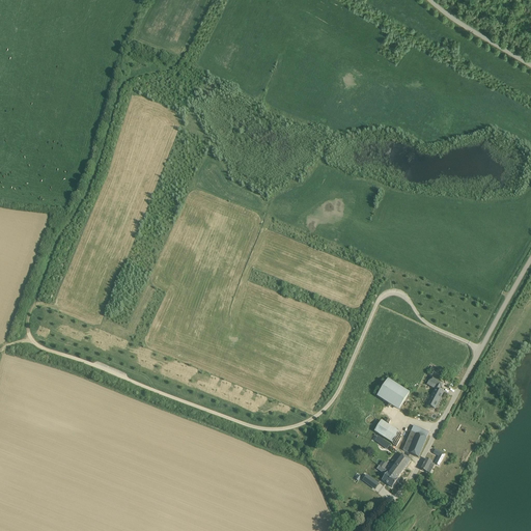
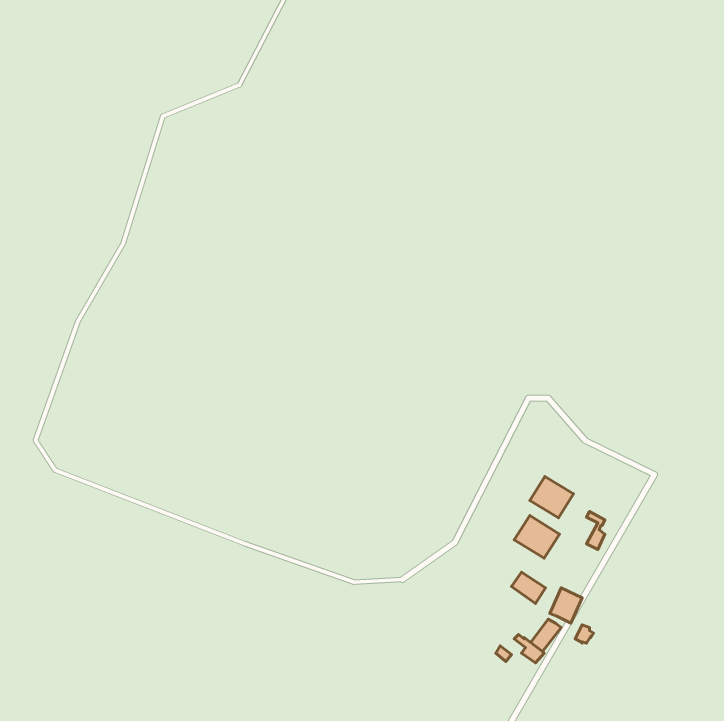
building: none -> [530,477,573,518]

